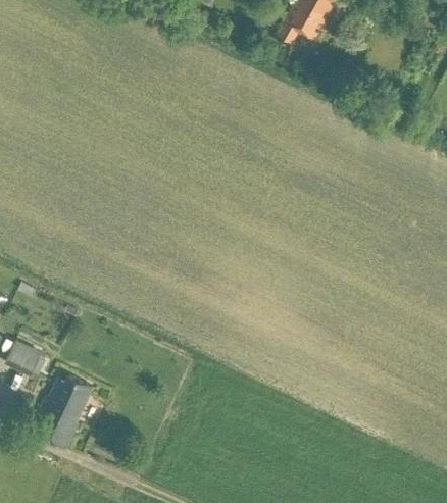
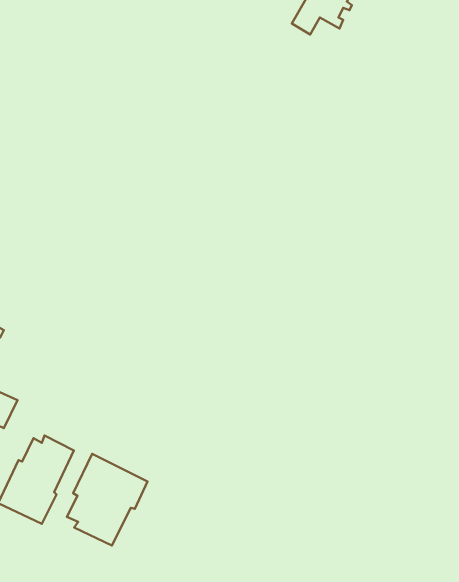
building: none -> [67,454,148,545]

